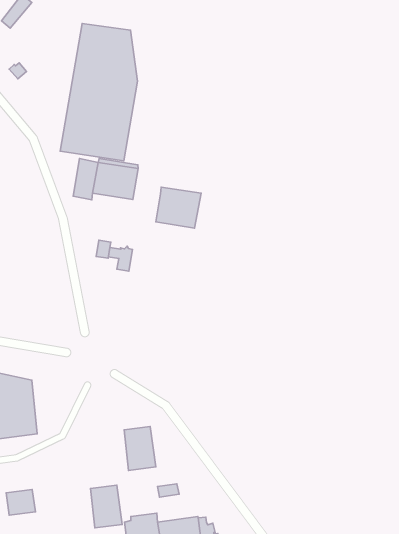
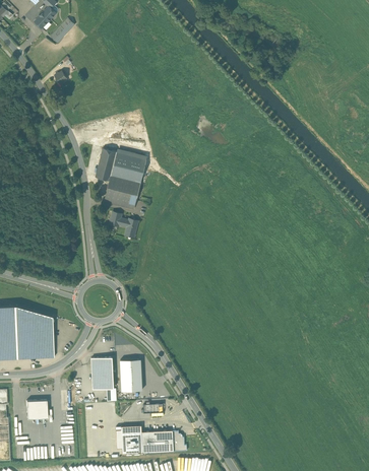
building: [60,23,137,161] -> none
building: [156,187,201,228] -> [105,176,141,209]
building: [91,485,122,528] -> [91,357,114,389]

